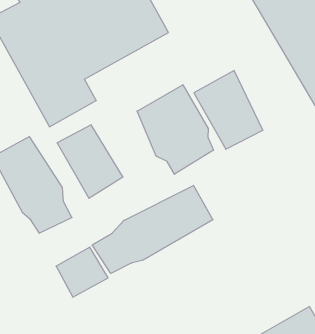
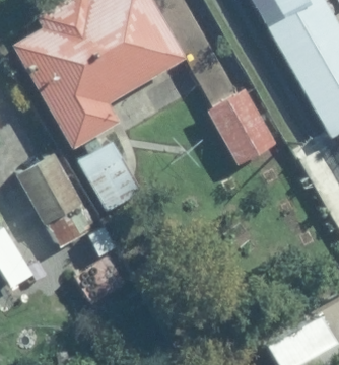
building: [137,85,213,174] -> none
building: [92,185,213,273] -> none

